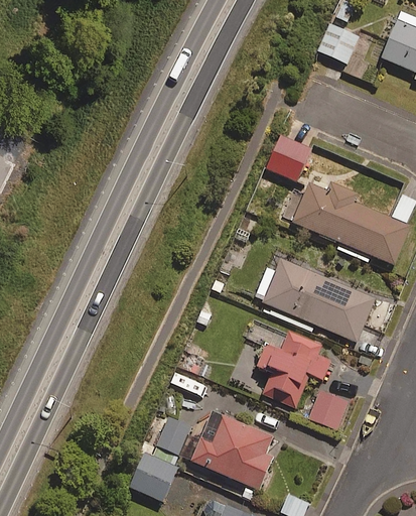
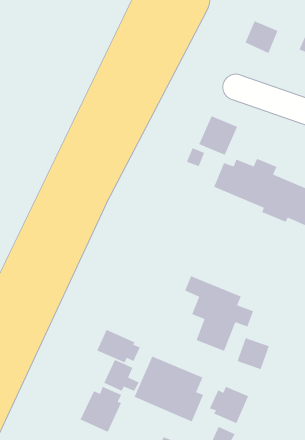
building: [255,259,375,342] -> none
building: none -> [96,329,141,364]
building: none -> [209,386,249,424]

